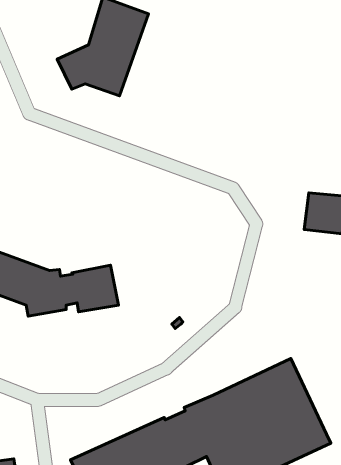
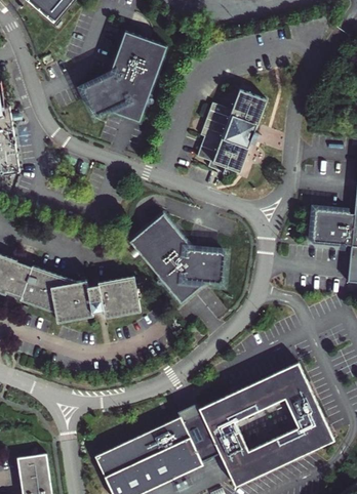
building: none -> [197,88,267,171]
building: none -> [130,213,227,303]

